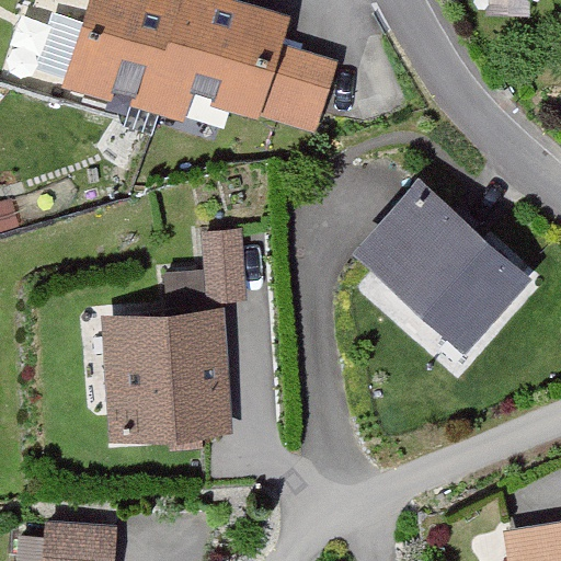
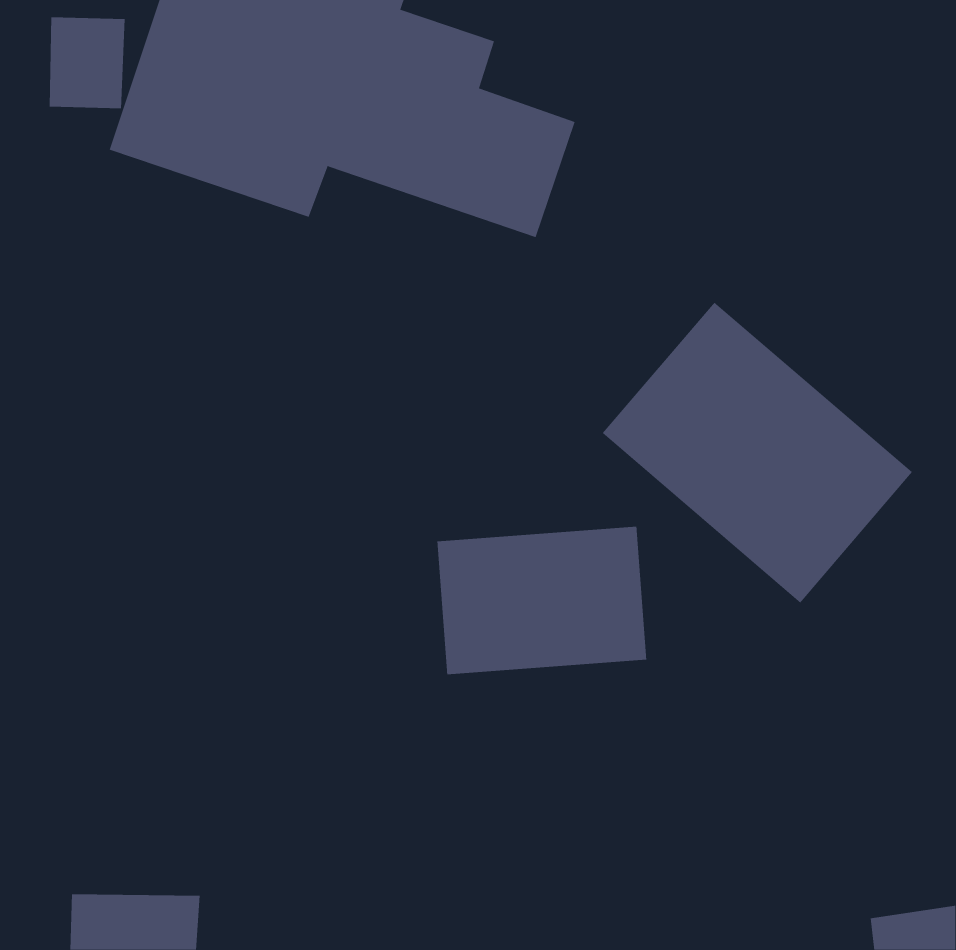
building: [102,230,247,446] -> none
building: none -> [437,526,647,675]

